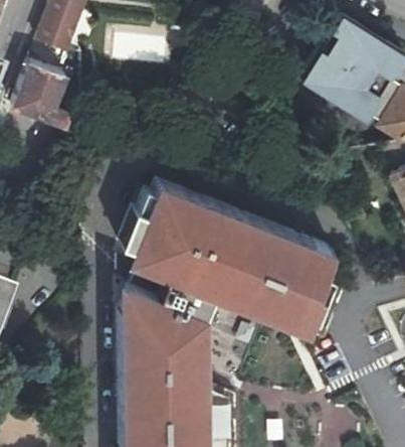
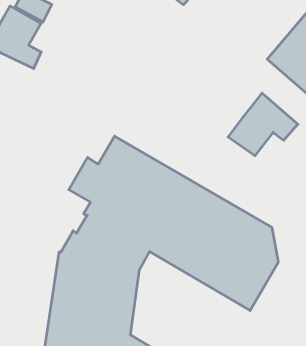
building: none -> [228,93,298,156]

